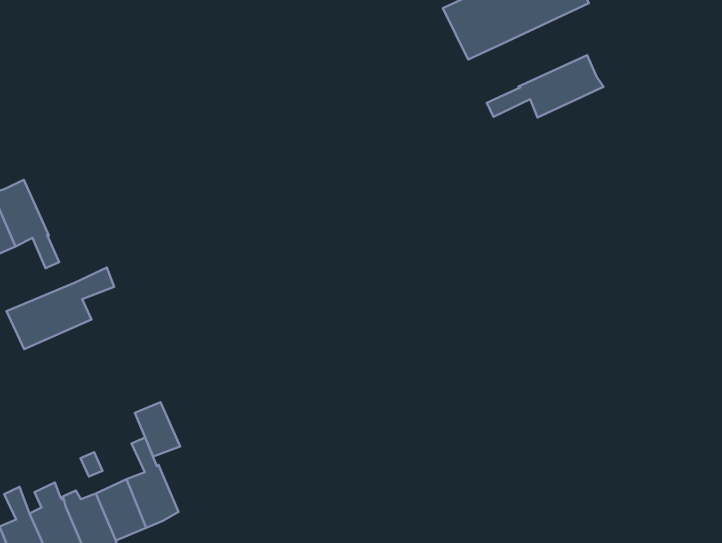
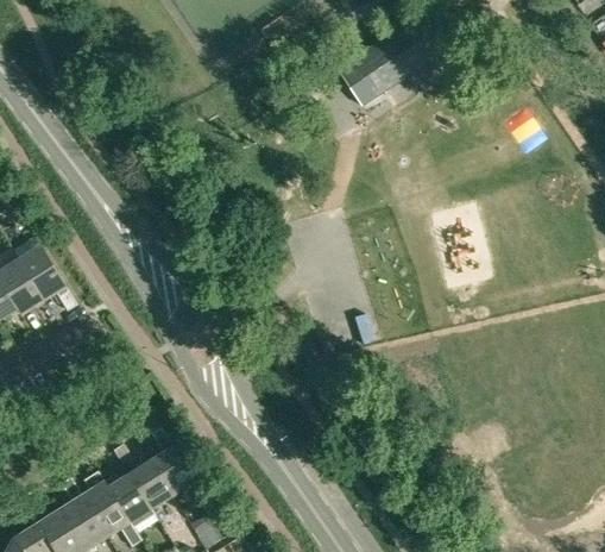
building: [487,55,604,118] -> none
building: [6,267,114,349] -> none
building: [135,402,180,456] -> none

